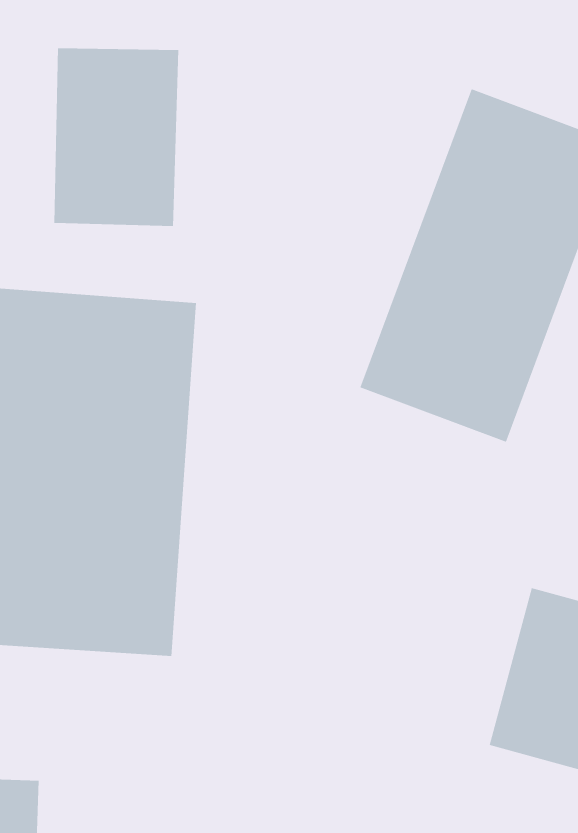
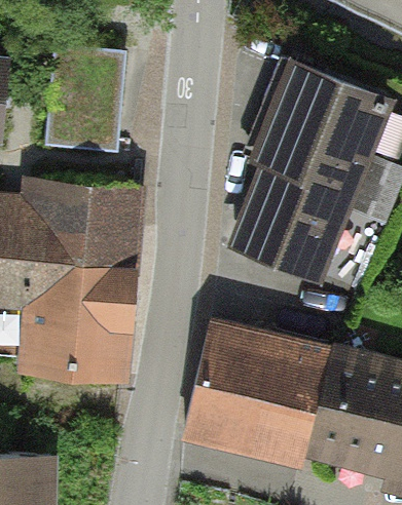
building: none -> [186,328,326,458]

